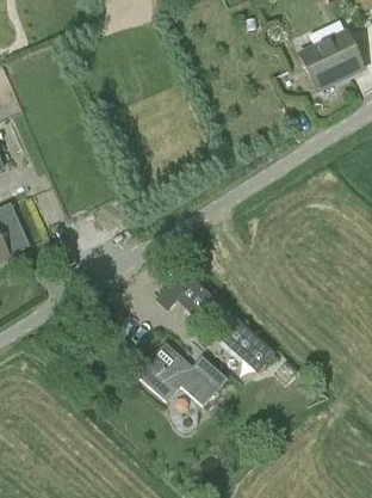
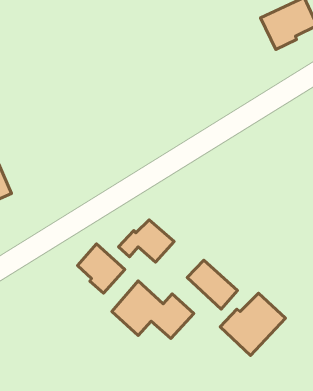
building: none -> [78,244,125,293]
building: none -> [220,293,286,356]

